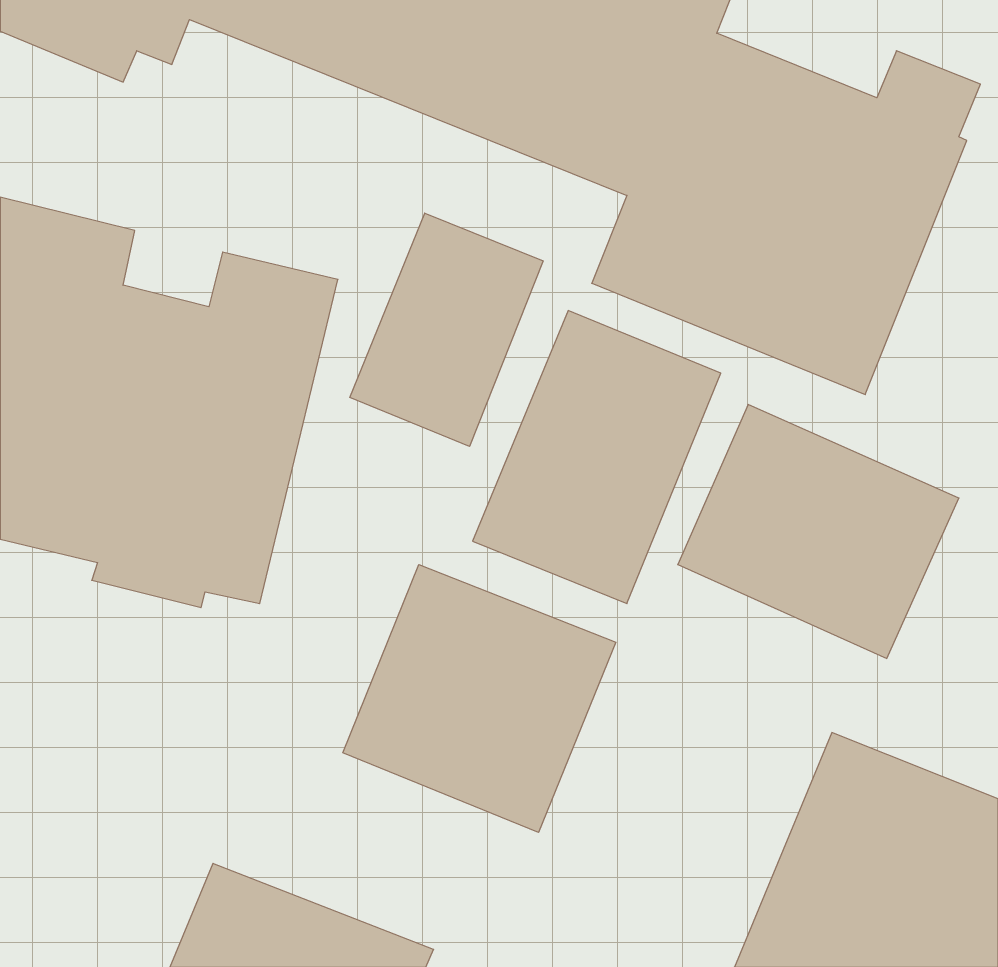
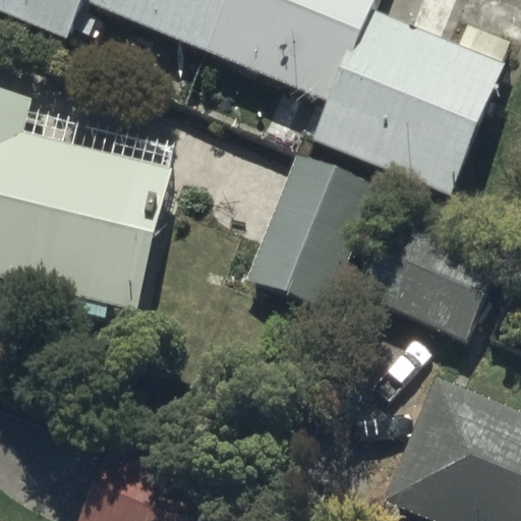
building: [350,213,543,446] -> none
building: [343,565,616,832] -> none

